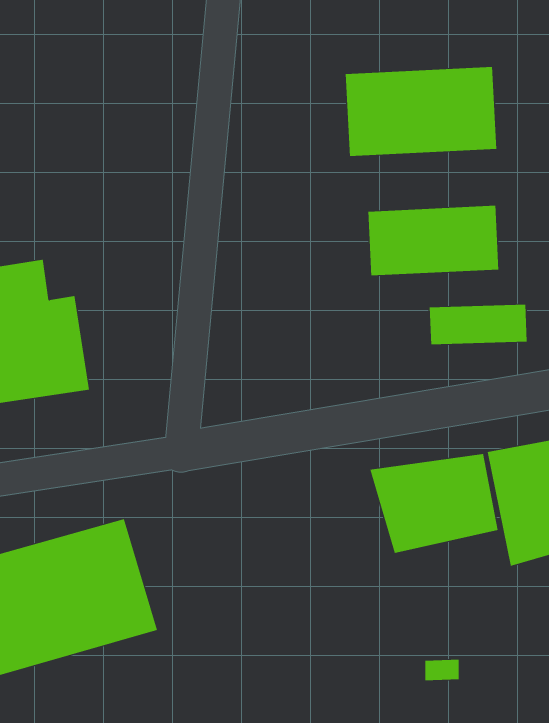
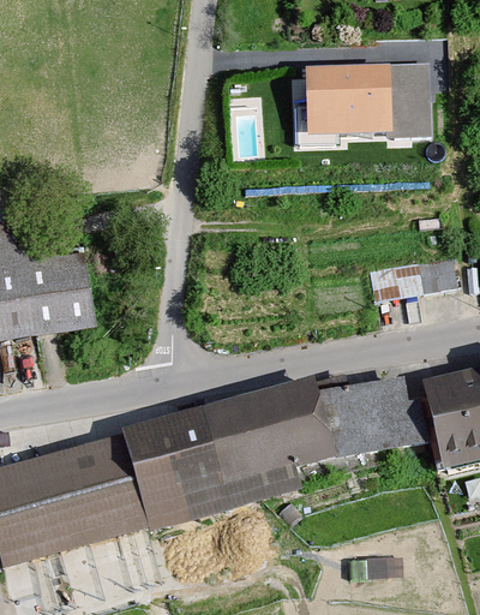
building: [368,205,499,276] -> none
building: none -> [121,376,343,526]

